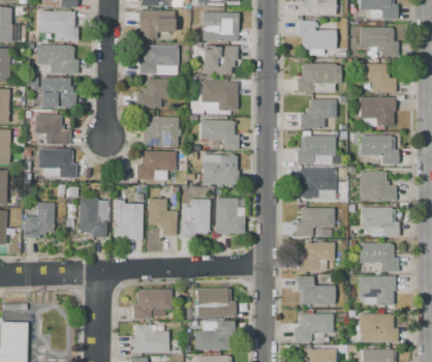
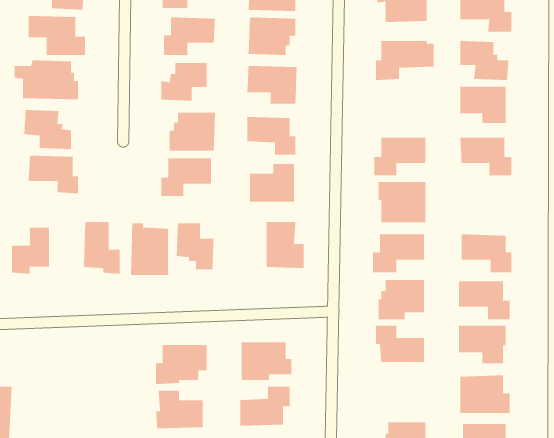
building: [299,99,336,129] -> none
building: [360,172,396,202] -> none
building: [180,200,209,239] -> none
building: [294,313,333,342] -> none

